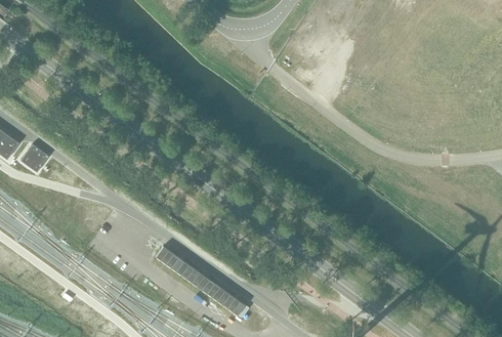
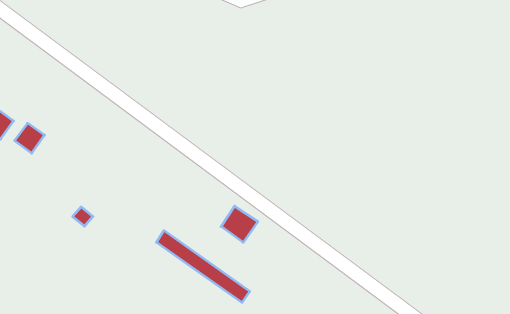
building: none -> [221,206,258,242]

